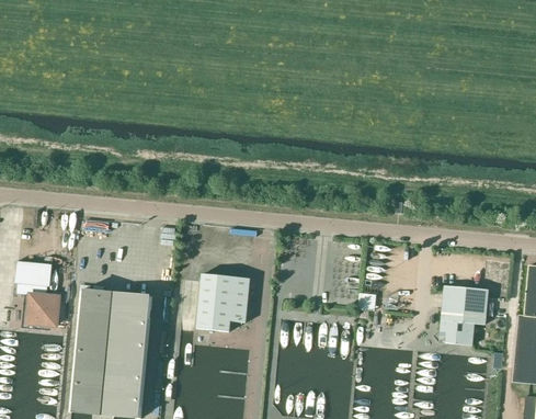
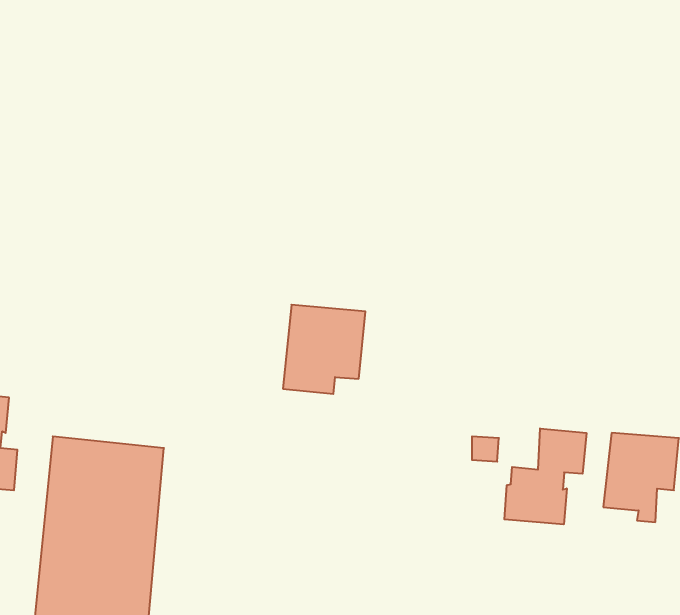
building: [197,274,251,332] -> [283,305,365,394]
building: none -> [504,428,586,524]

